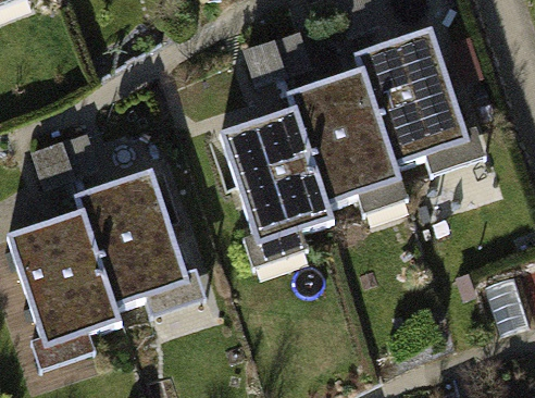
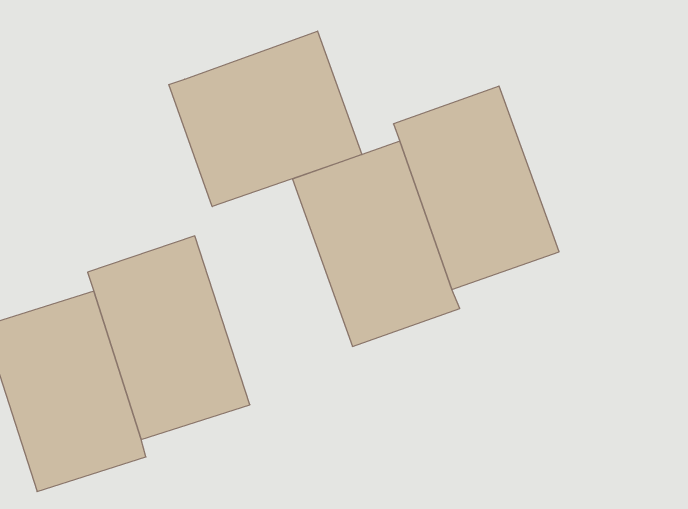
building: [357,27,472,166] -> none
building: none -> [169,31,362,207]

